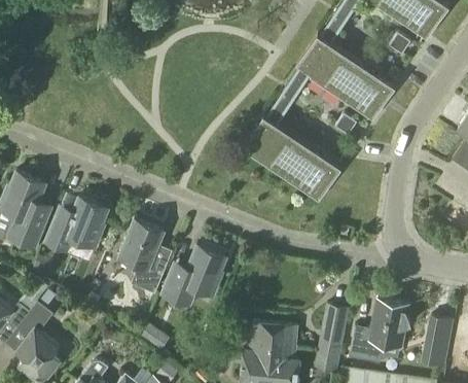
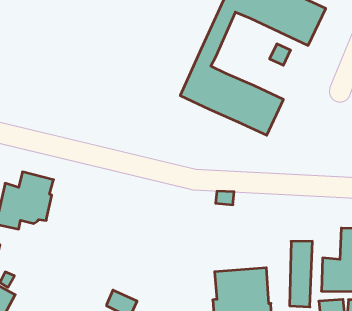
building: [119,220,171,292] -> none
building: [161,245,226,307] -> none

